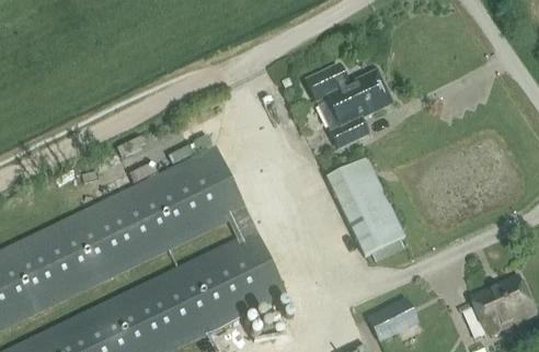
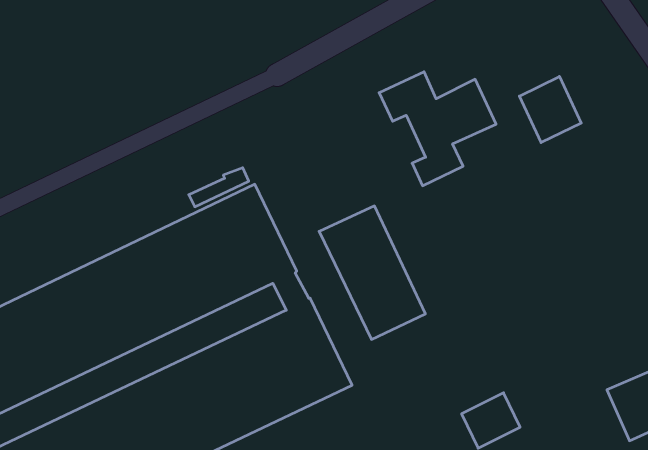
building: none -> [519,76,581,143]
building: [325,158,403,256] -> [319,206,425,339]

